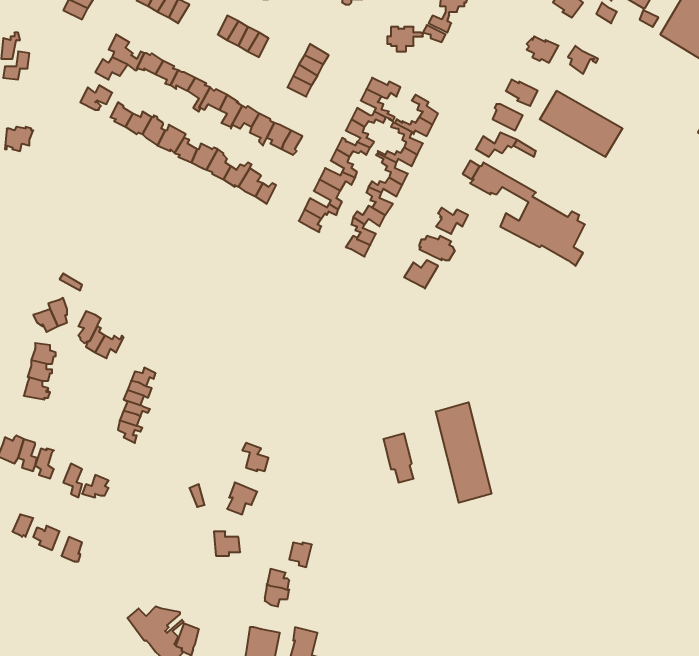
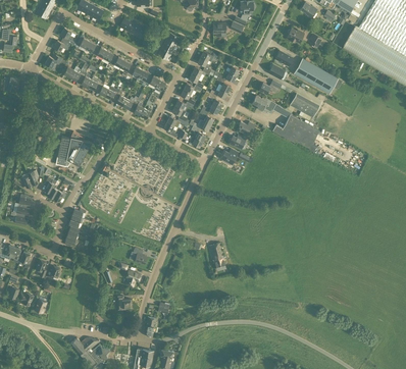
building: none -> [289,92,318,117]
building: none -> [54,130,91,166]
building: [436,402,491,503] -> none

